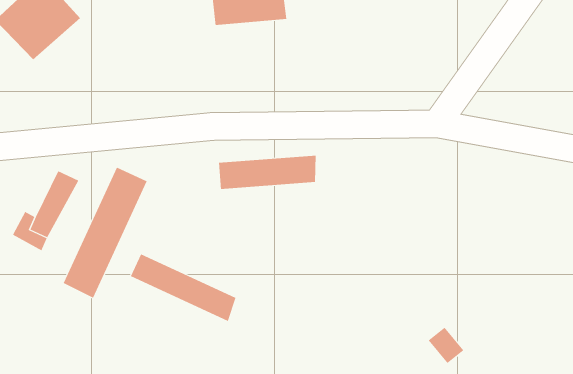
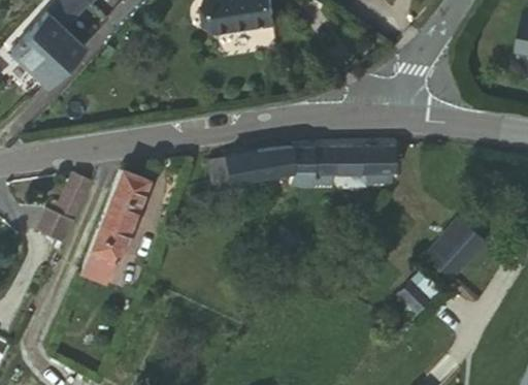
building: none -> [290,147,395,185]
building: none -> [424,222,486,284]
building: [130,253,236,322] -> none

